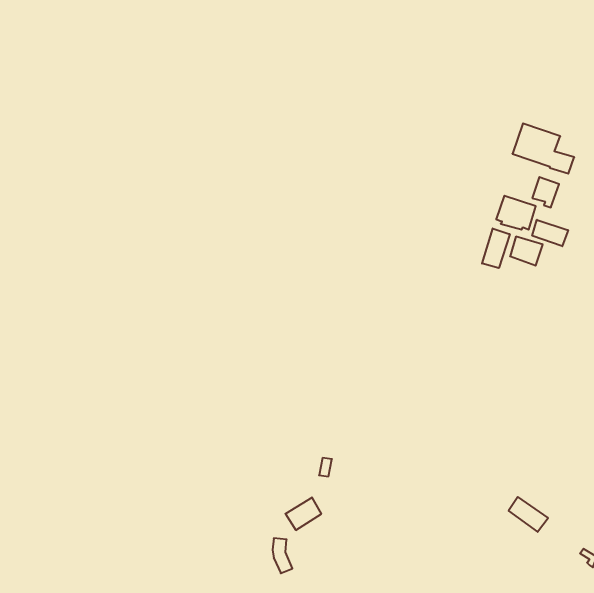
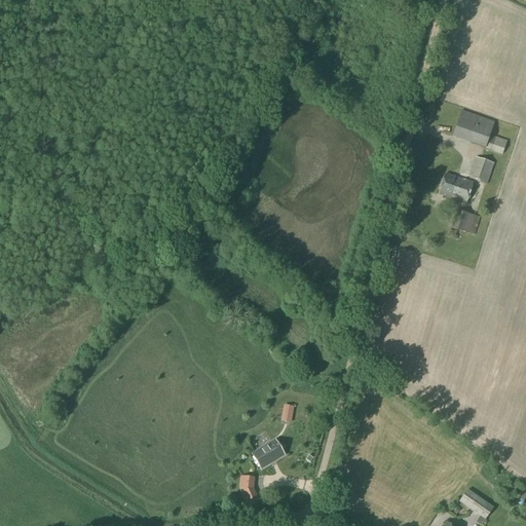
building: [532,220,568,246] -> none
building: [482,228,510,268] -> none
building: [509,497,548,532] -> [459,487,494,518]

